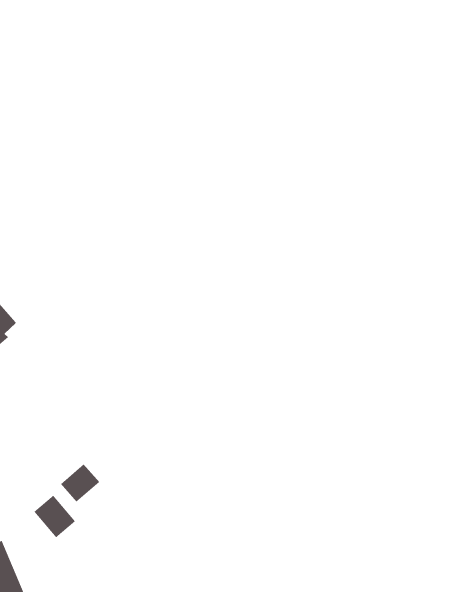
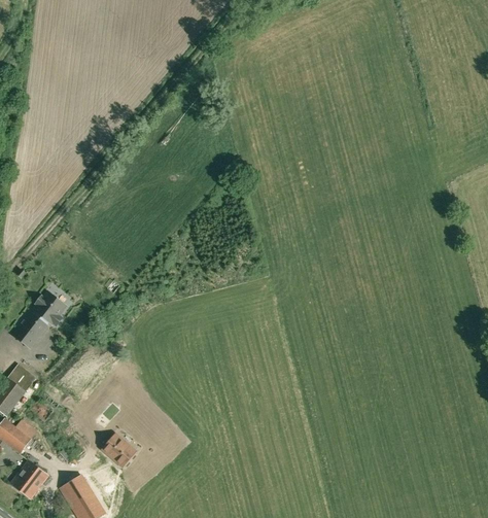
building: [60,463,100,502] -> none

